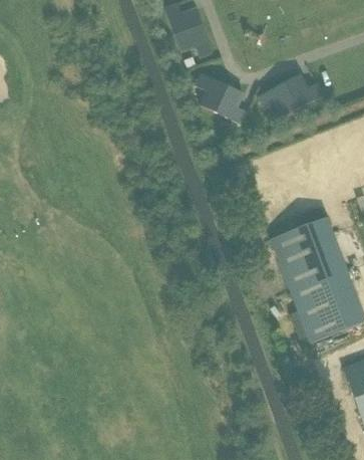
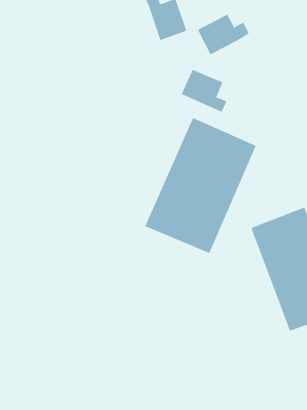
building: [270,74,322,116] -> [197,14,250,55]
building: none -> [145,117,257,254]

